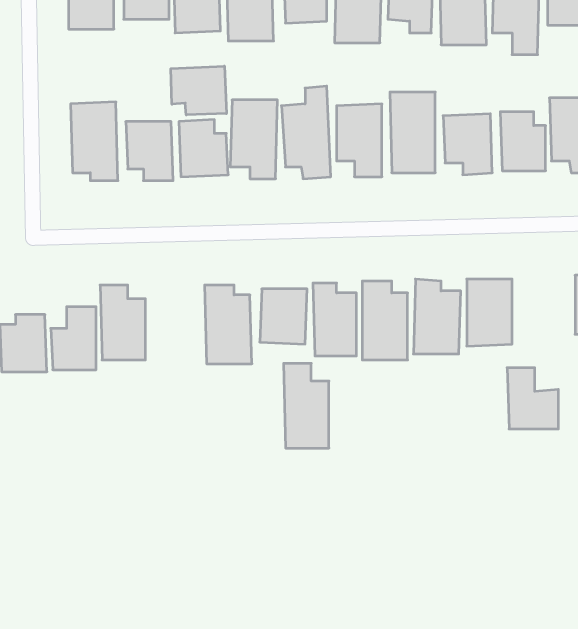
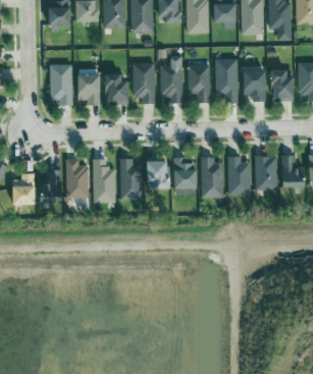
building: [171,66,226,115] -> none
building: [284,363,329,448] -> [92,159,115,203]
building: [507,368,558,429] -> [280,156,307,188]

